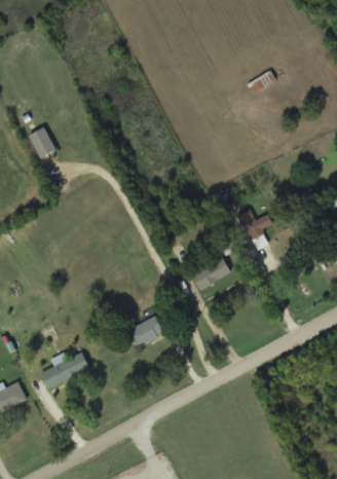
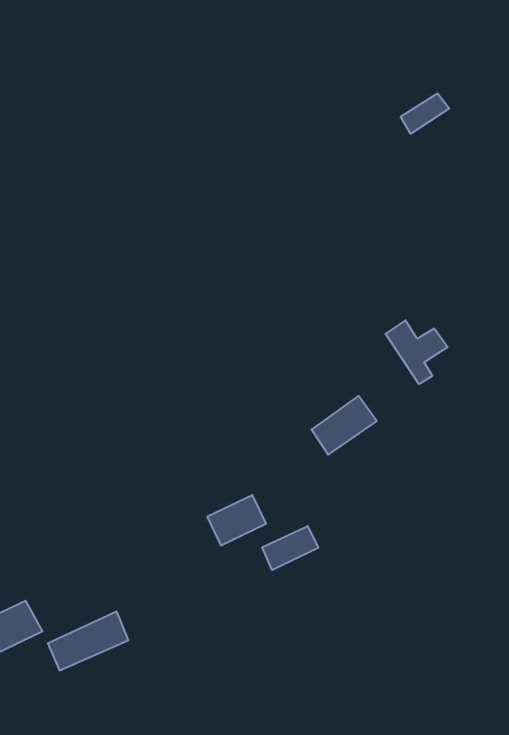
building: [29,127,54,157] -> none
building: none -> [262,526,318,570]
building: [40,352,89,388] -> [48,612,128,670]

